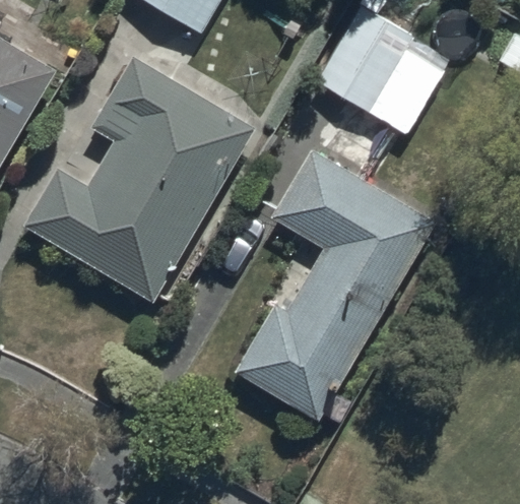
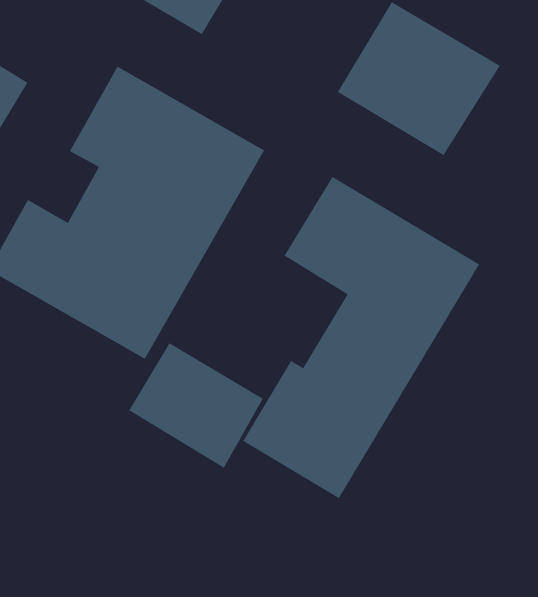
building: none -> [128,342,264,469]

